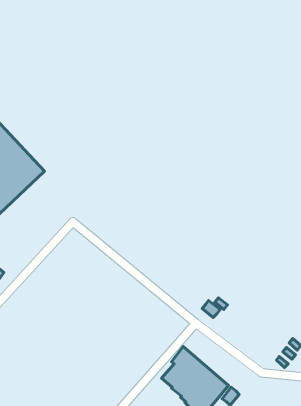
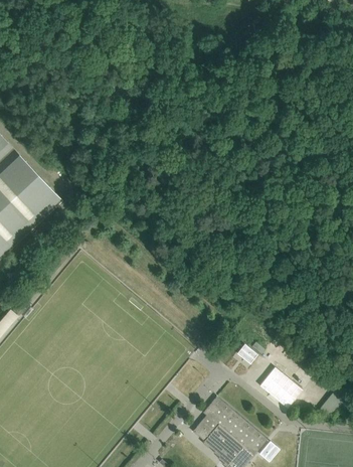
building: none -> [258,366,302,407]

